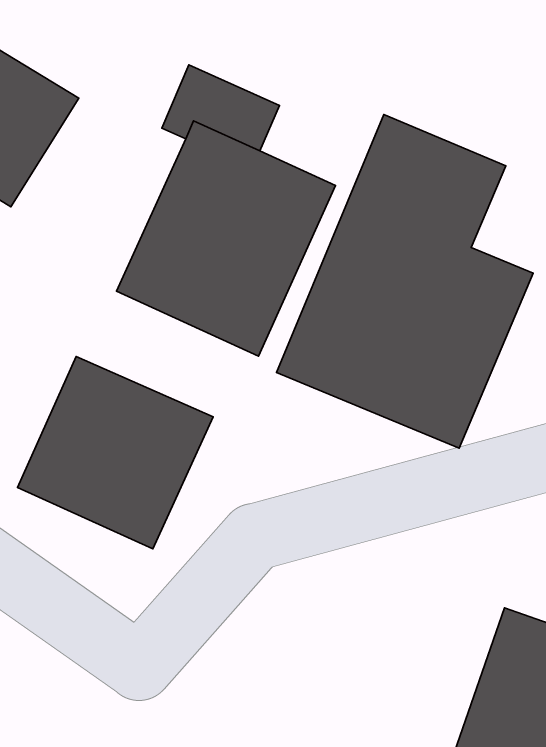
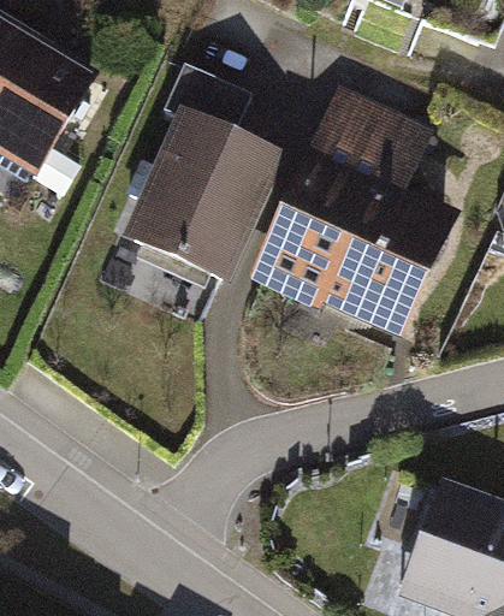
building: [17,357,213,549] -> none

